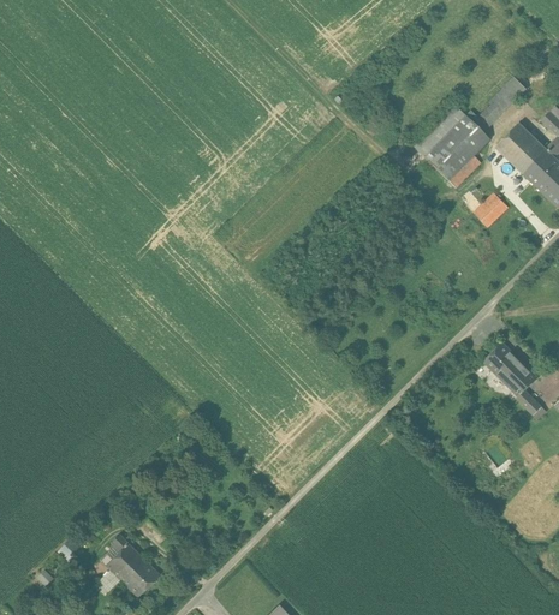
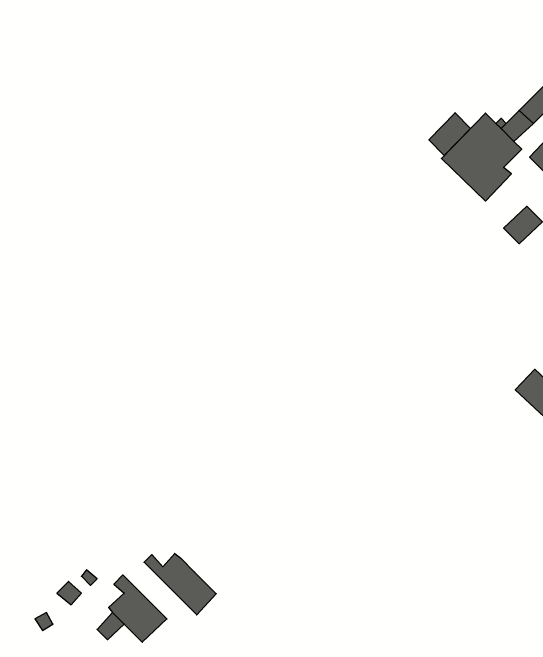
building: none -> [429,113,470,156]
building: none -> [144,553,216,615]

